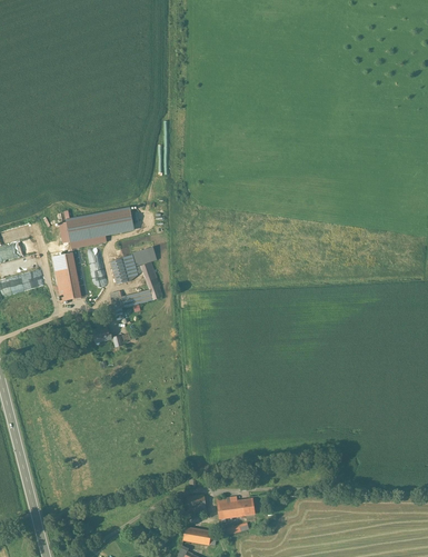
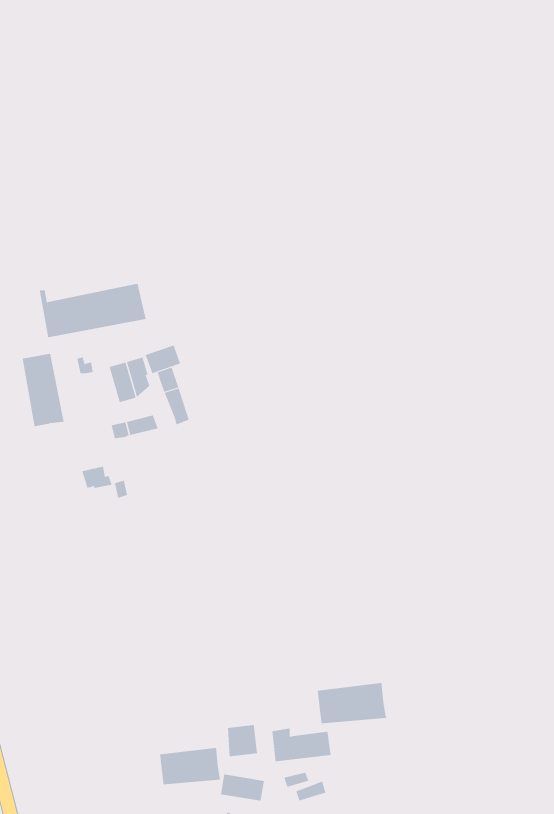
building: none -> [317,682,386,724]
building: none -> [159,747,221,785]

